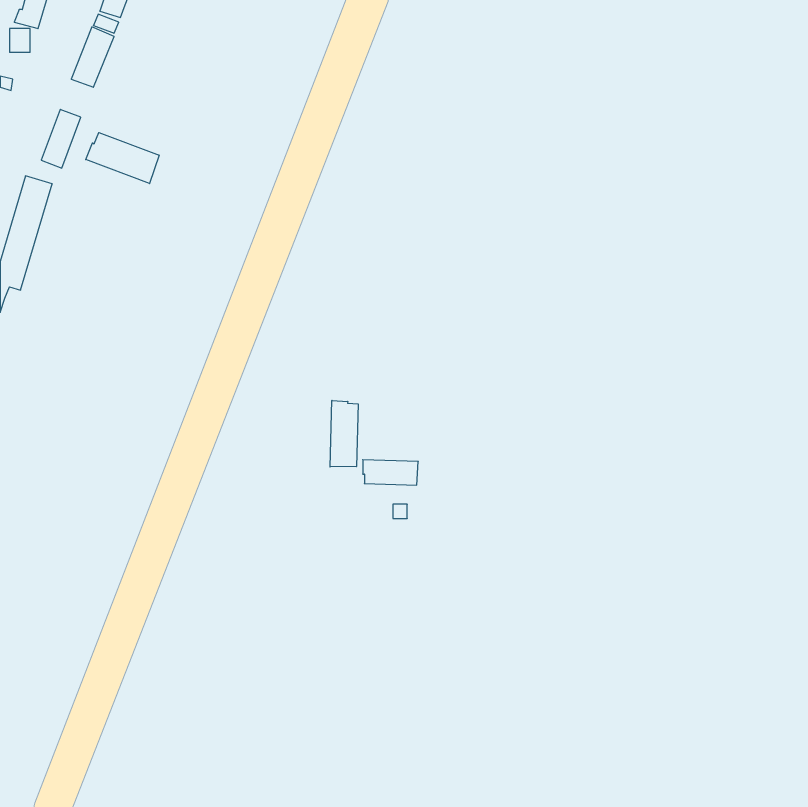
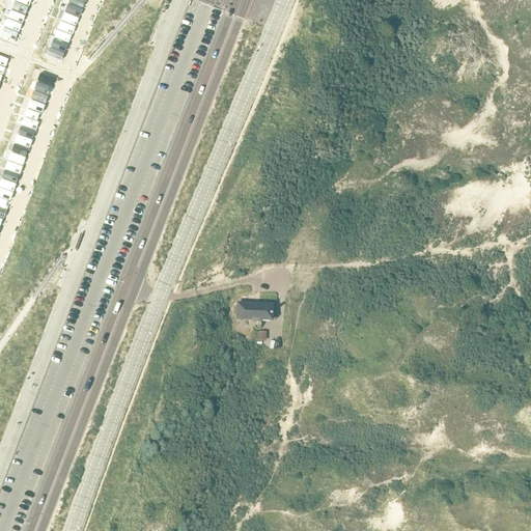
building: [86,133,159,184] -> none
building: [330,400,358,467] -> none

